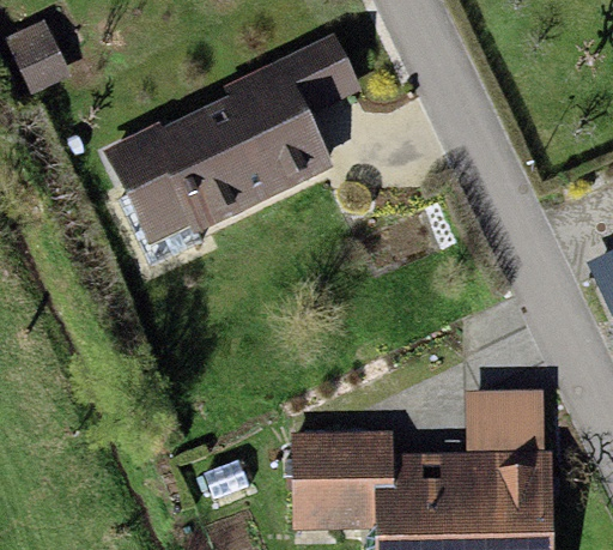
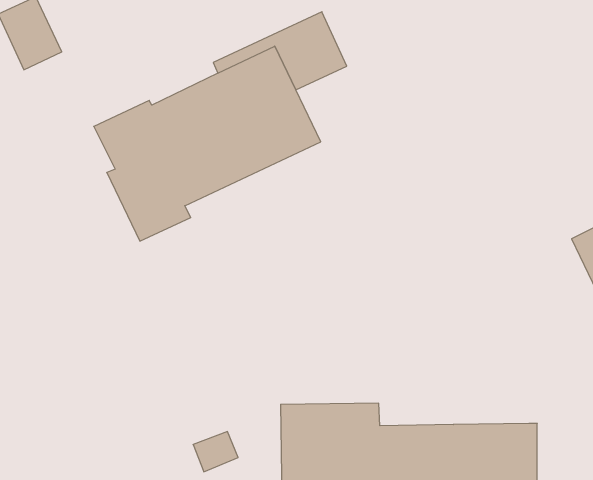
building: [466,391,545,452] -> none

